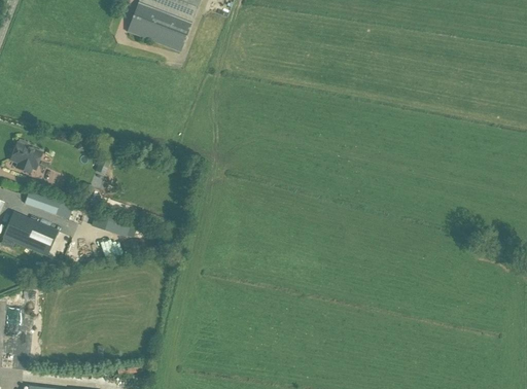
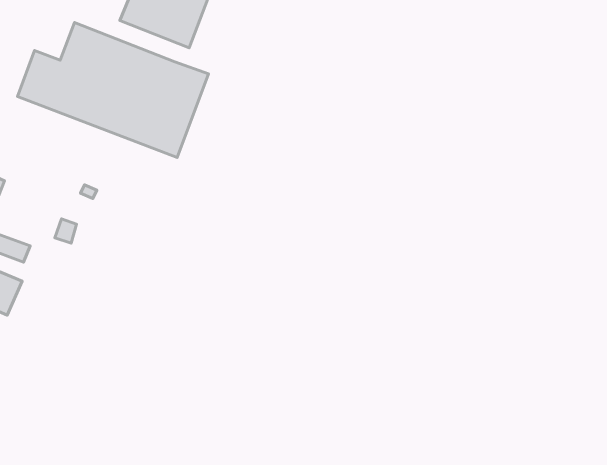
building: none -> [17,22,208,157]

